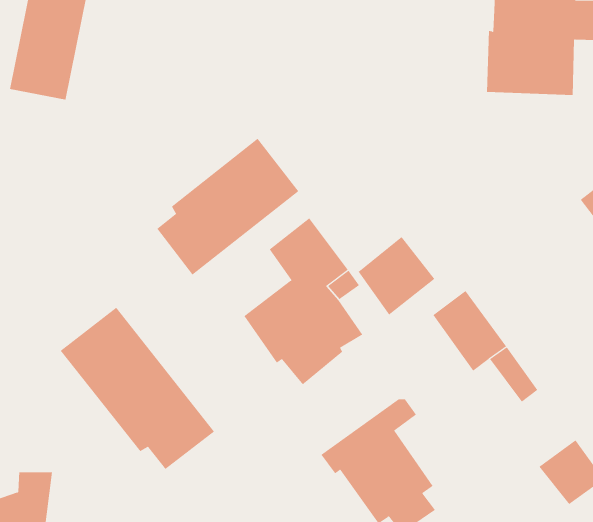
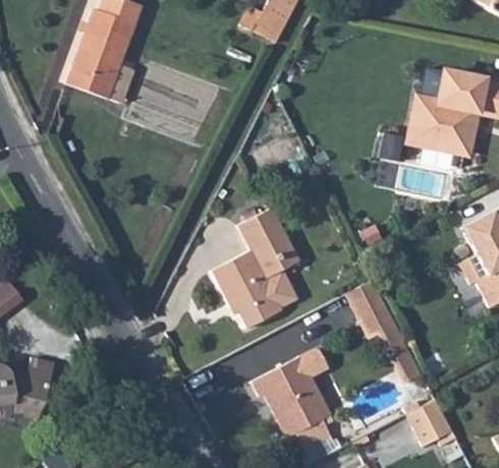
building: [156,138,299,275] -> none
building: [358,236,435,315] -> none
building: [60,307,215,470] -> none

